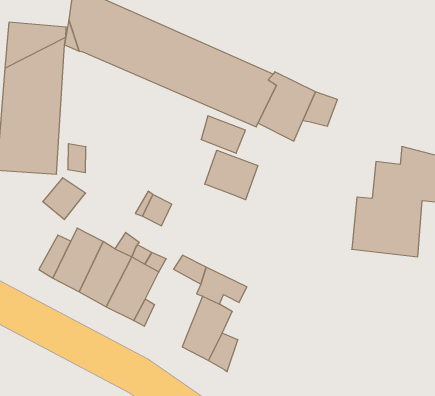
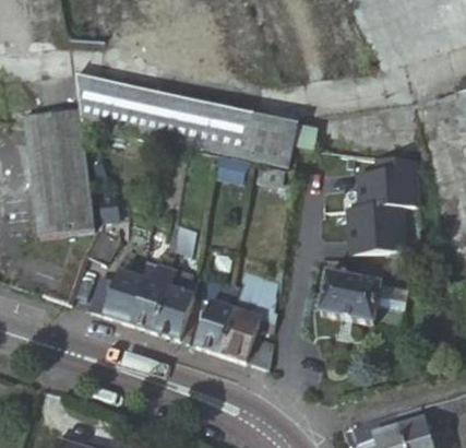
building: [205,150,258,200] -> none
building: none -> [319,260,389,329]
building: none -> [194,304,234,357]

